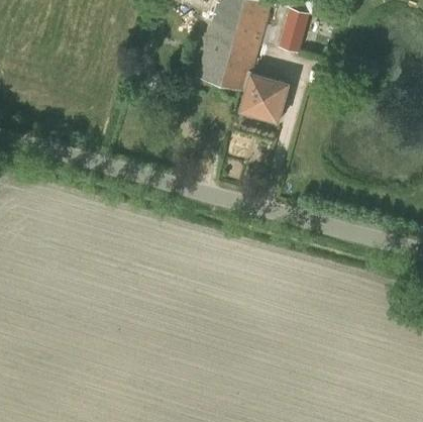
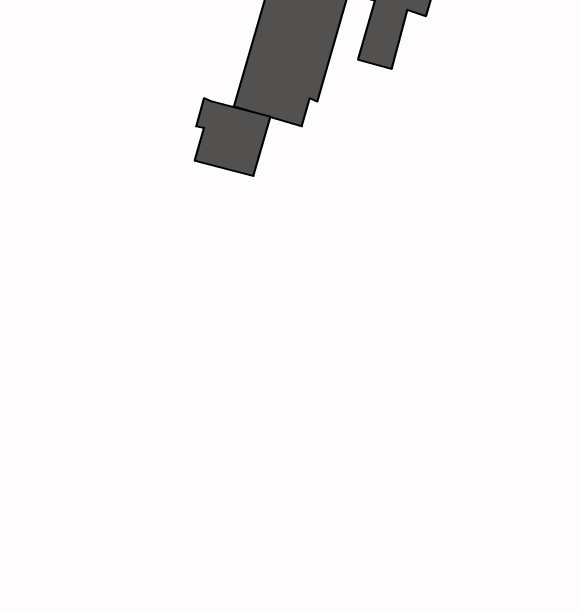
building: [239,73,289,123] -> [195,98,271,176]

